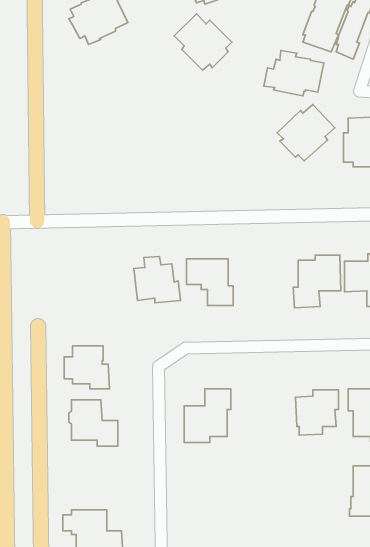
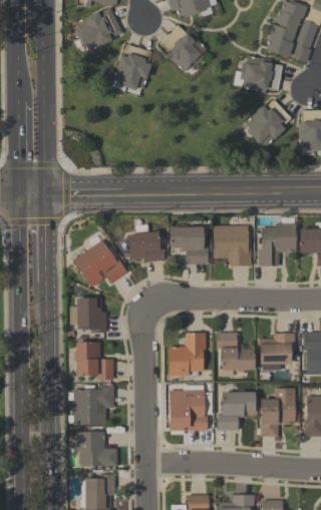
building: none -> [113,44,152,90]
building: none -> [213,225,253,266]
building: none -> [73,239,127,288]
building: none -> [217,333,255,372]
building: none -> [68,385,114,424]
building: none -> [170,386,212,431]
building: none -> [261,389,296,437]
building: none -> [218,392,256,431]

